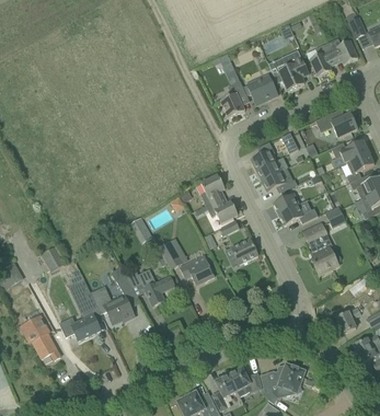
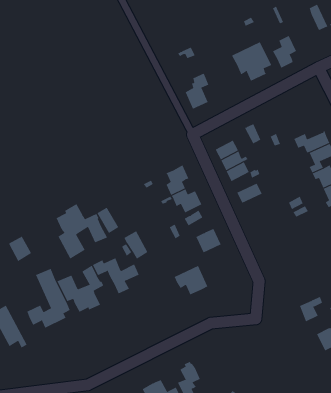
building: [326,37,358,65] -> none
building: [242,74,277,105] -> none
building: [314,113,357,137] -> none
building: [278,200,318,226] -> none
building: none -> [56,203,108,260]
building: [302,223,342,274] -> none
building: [179,254,214,285] -> [174,265,208,295]
building: [266,363,306,395] -> none
building: [228,368,261,396] -> none

